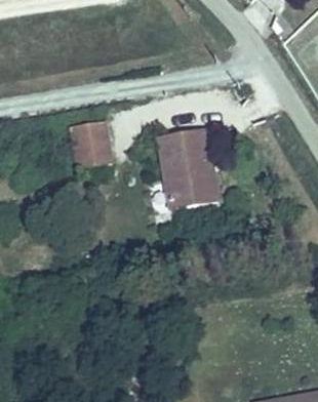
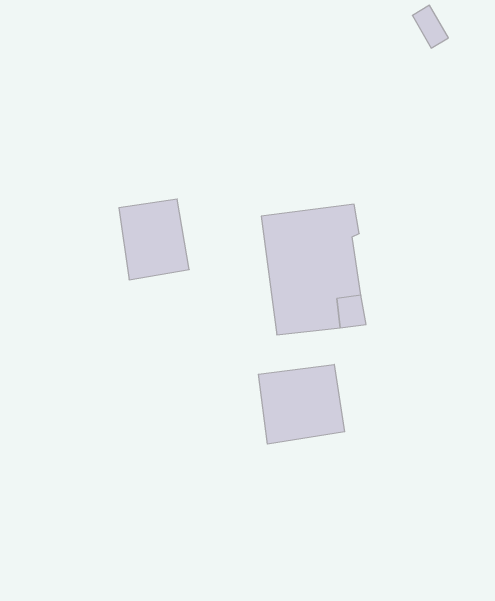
building: none -> [258,364,345,444]

